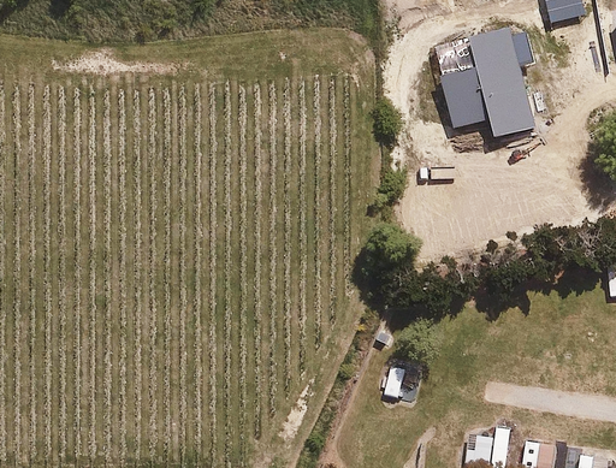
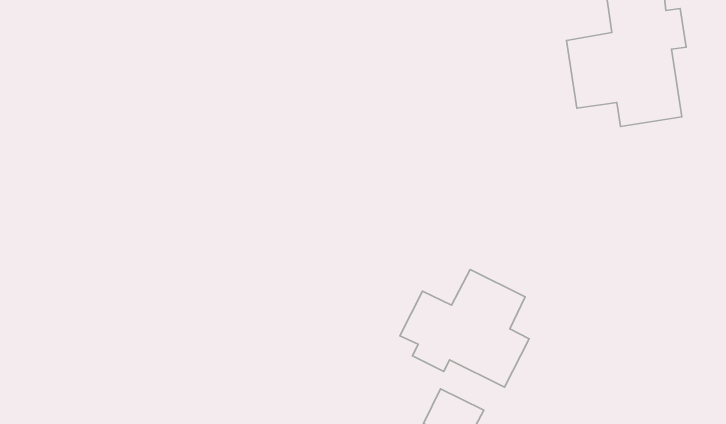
building: none -> [400,270,529,387]

